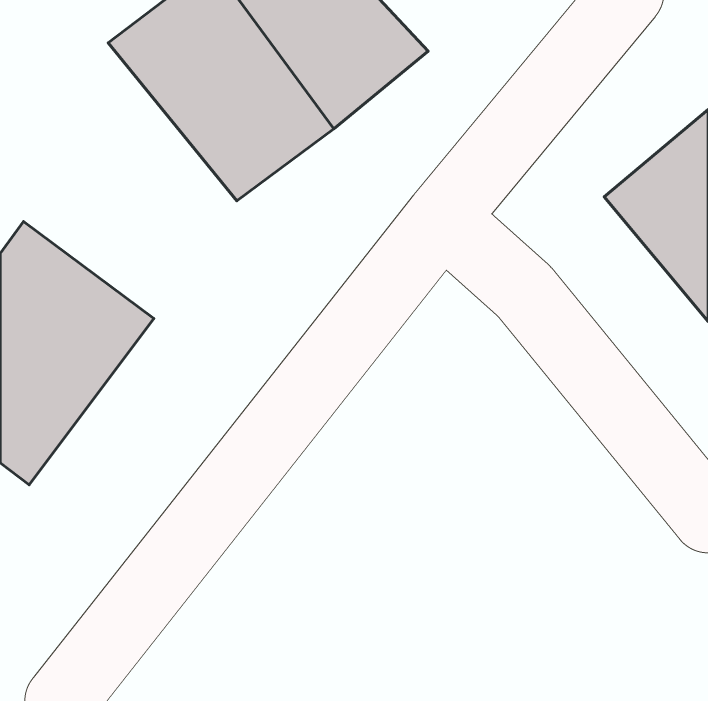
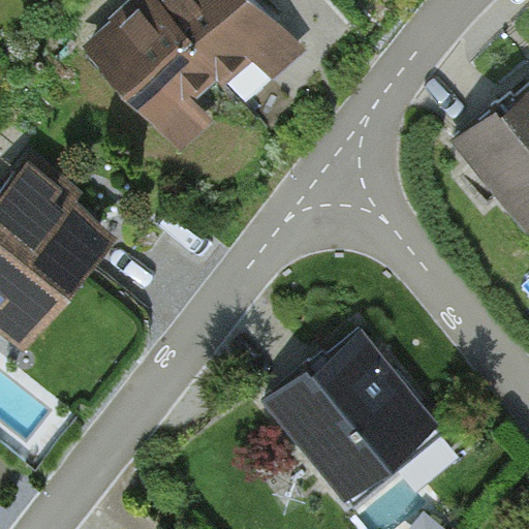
building: none -> [260,320,448,508]

